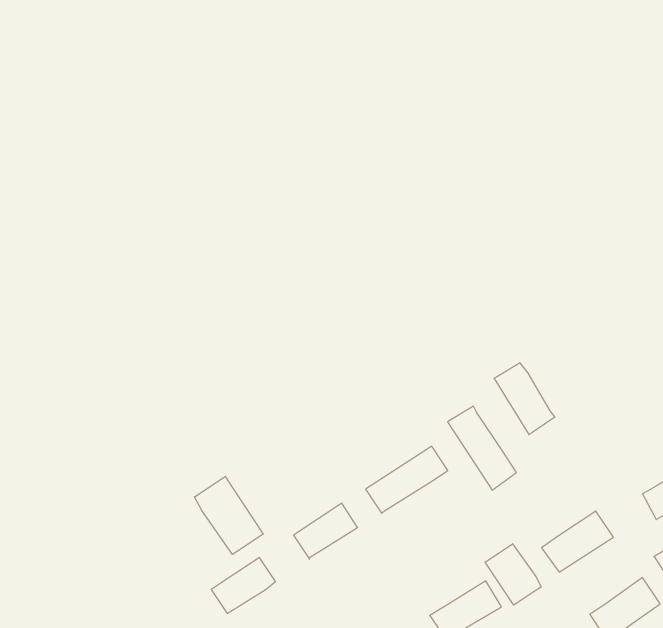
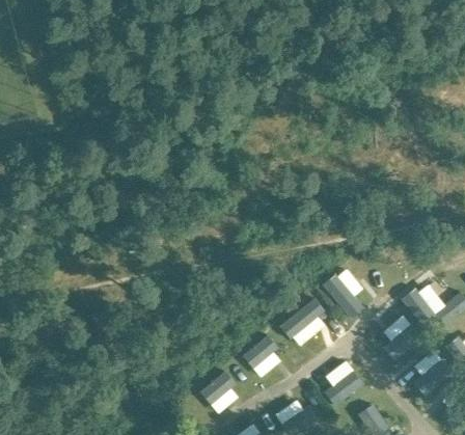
building: [494,363,555,435] -> [401,288,437,327]
building: [194,476,263,554] -> none
building: [485,544,541,605] -> none

